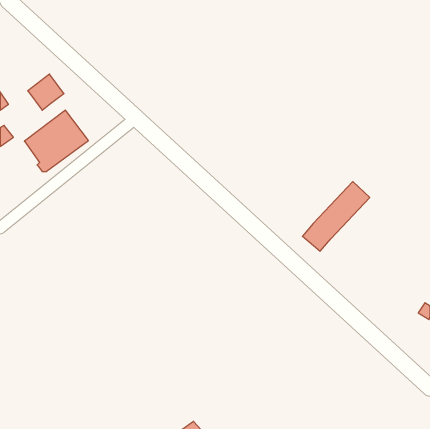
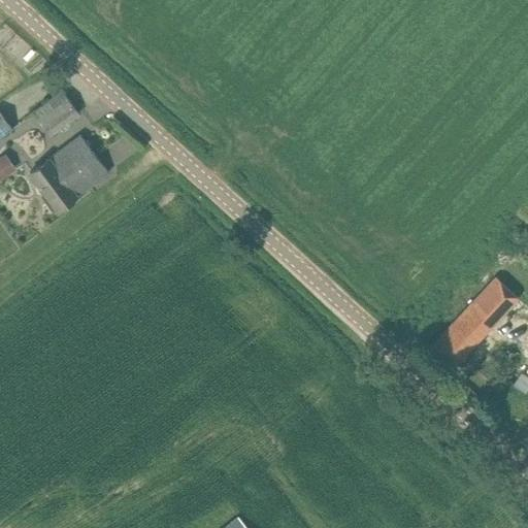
building: [302,182,370,251] -> [432,280,515,366]

